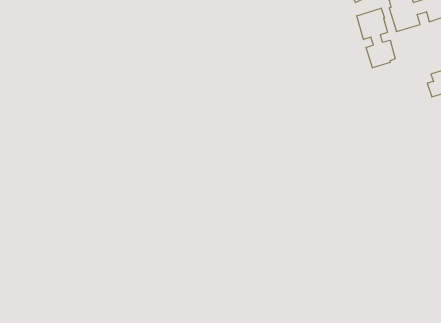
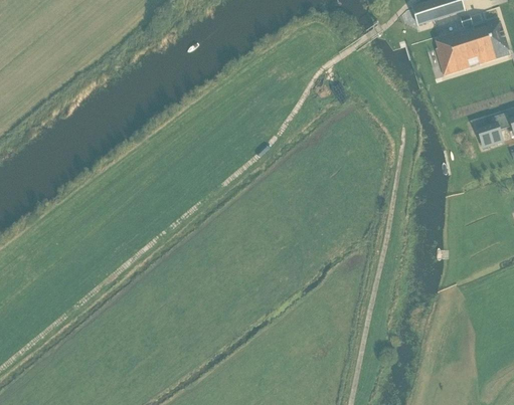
building: [357,8,395,68] -> none

